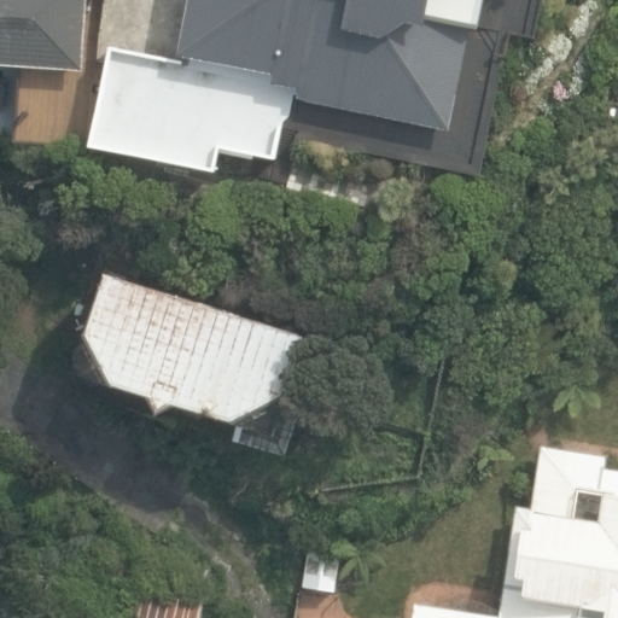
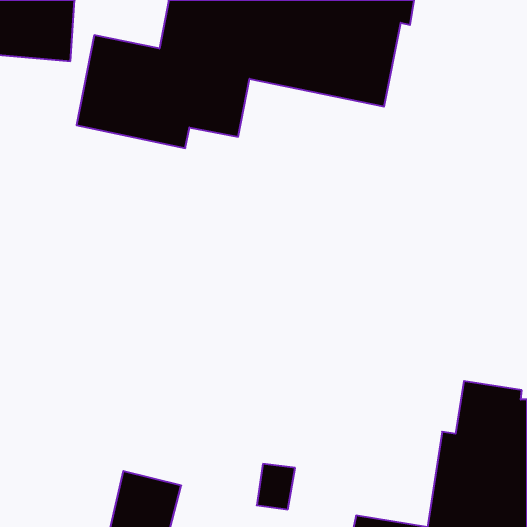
building: [87,275,303,420] -> none

